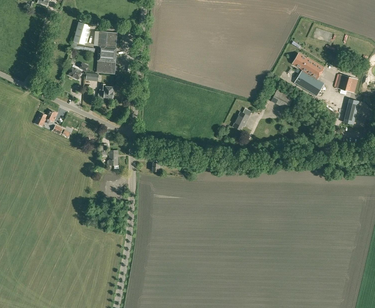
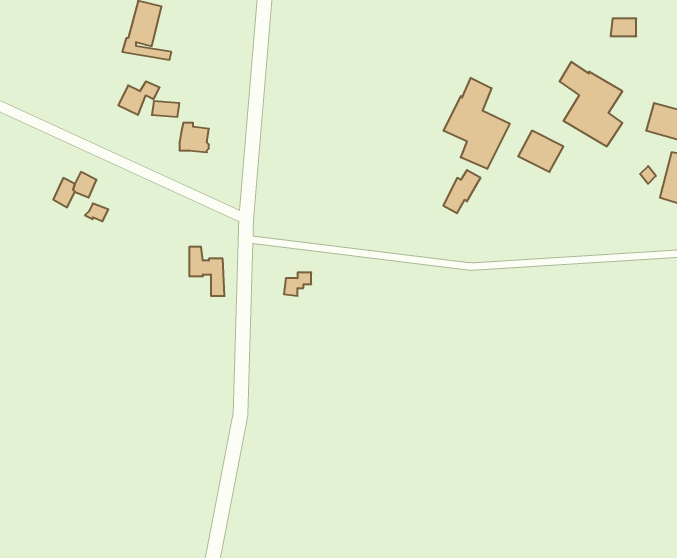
building: [96,31,117,74] -> none
building: none -> [444,78,510,169]

